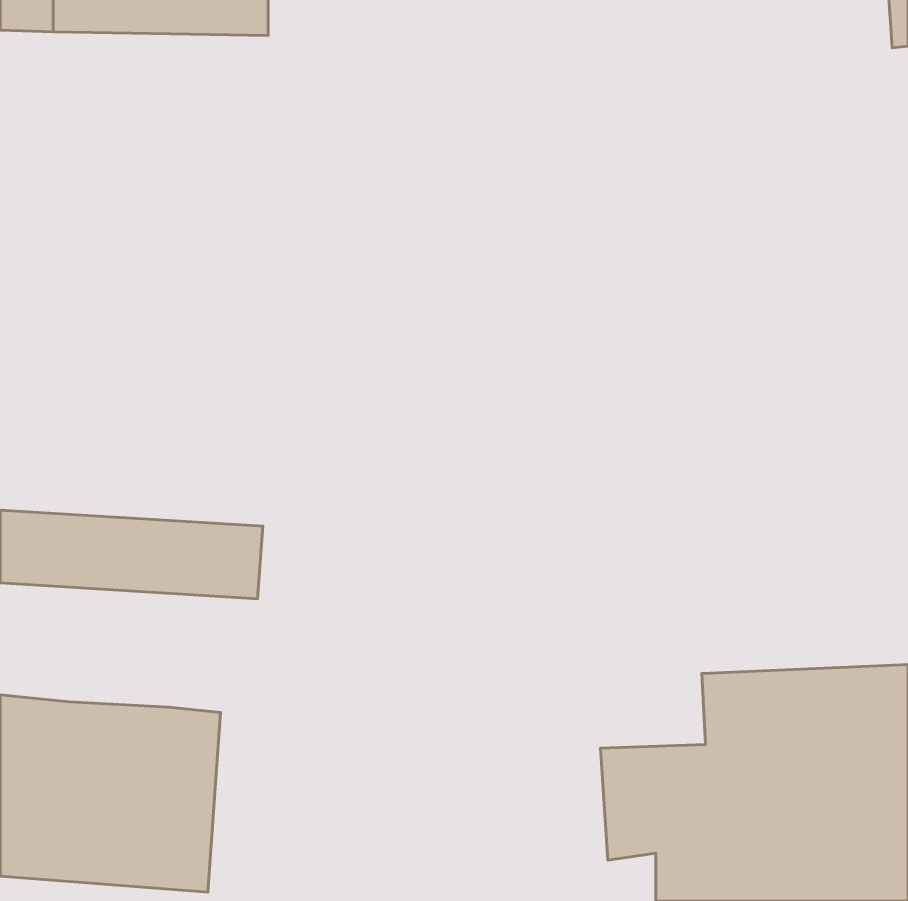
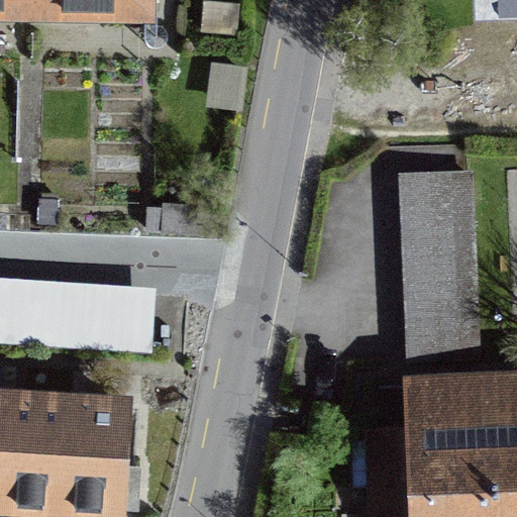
building: none -> [398,178,483,367]

